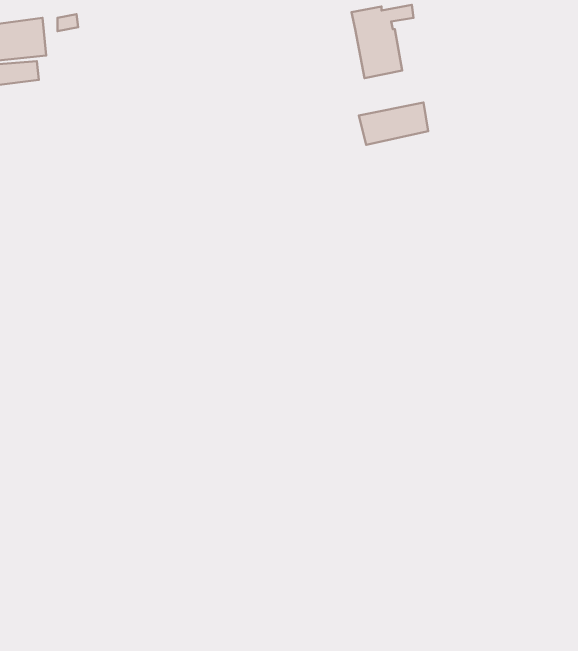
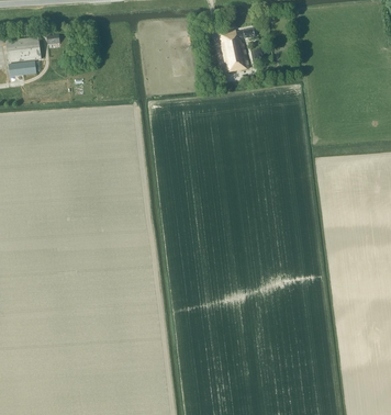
building: [359,103,428,145] -> none

